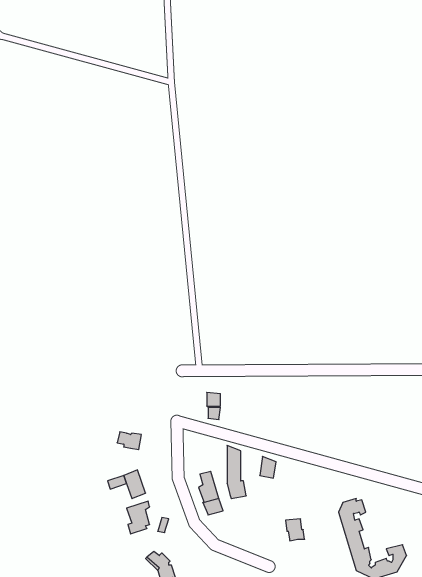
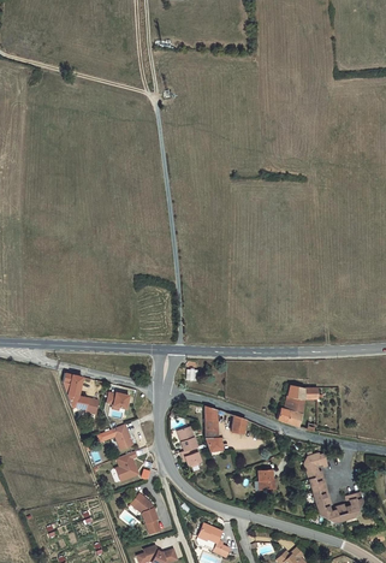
building: none -> [64,373,100,413]
building: none -> [280,384,319,425]

